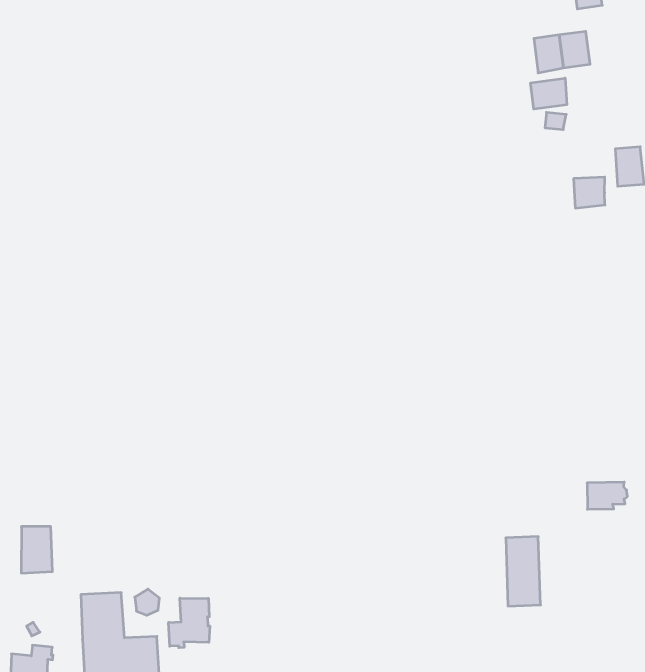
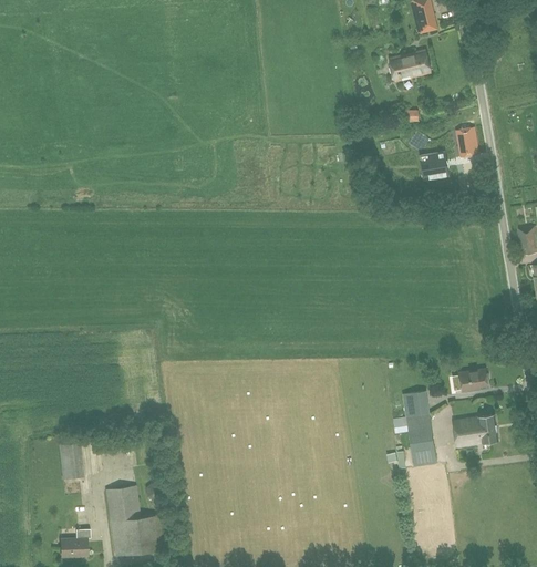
building: [531,78,567,109] -> none
building: none -> [411,391,431,413]
building: none -> [452,414,498,446]
building: [169,598,210,648] -> none

